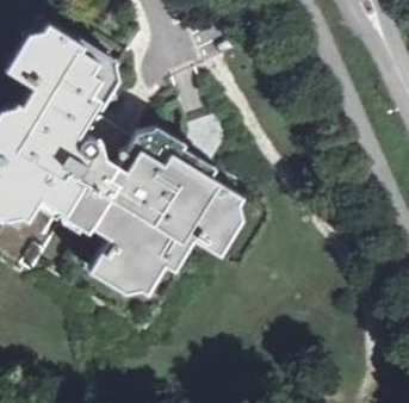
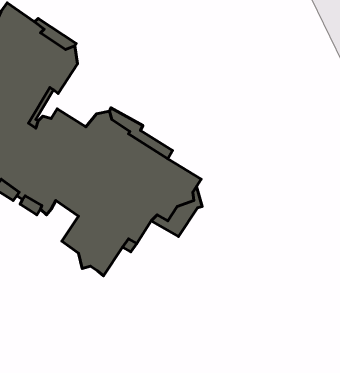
building: [86,219,137,294] -> none

